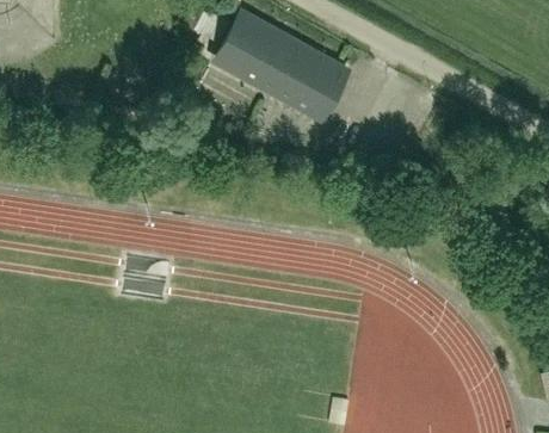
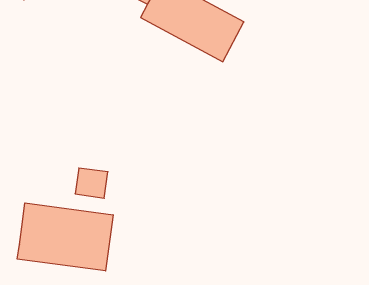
building: none -> [17,203,113,271]

